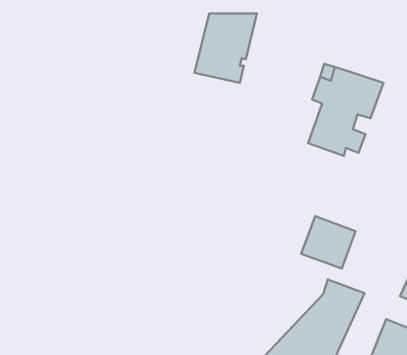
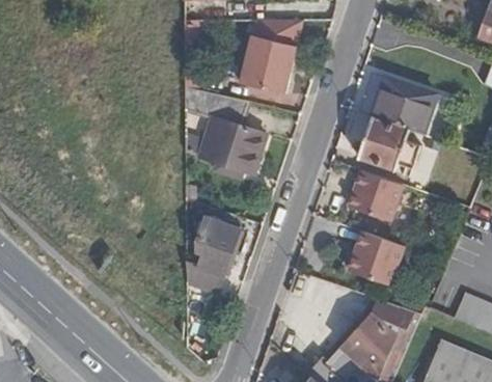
building: none -> [186,86,265,174]
building: none -> [350,169,405,220]
building: none -> [187,216,241,292]

